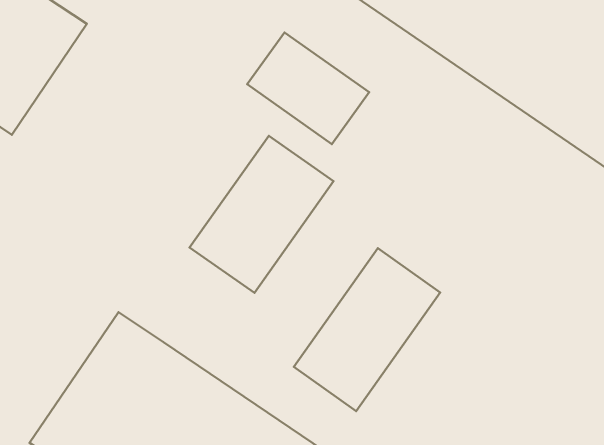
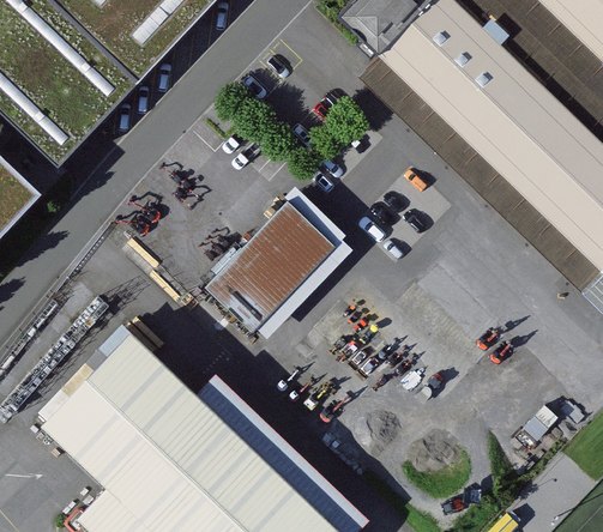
building: [247,32,369,144] -> none
building: [294,248,440,411] -> none

